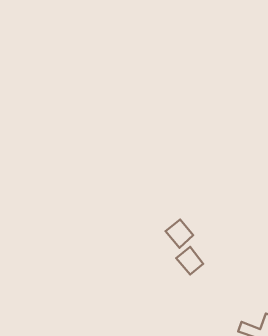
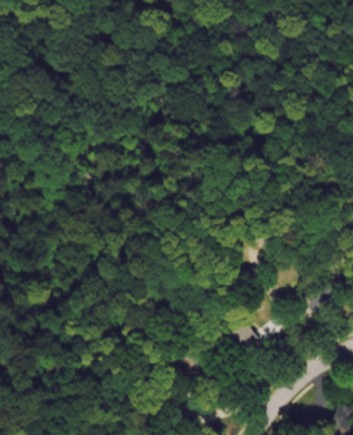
building: [166,220,193,248] -> none

